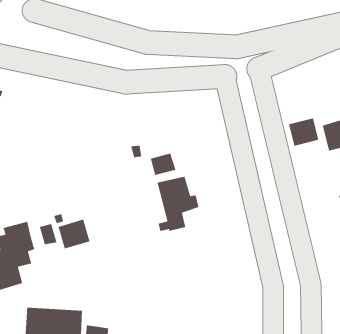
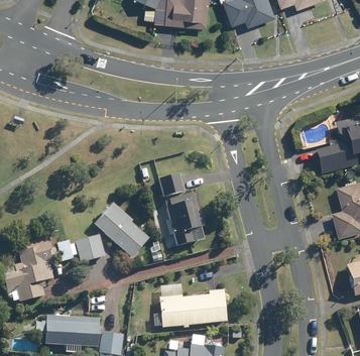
building: [288,117,319,147] -> none
building: none -> [93,204,146,258]
building: none -> [158,290,226,328]

